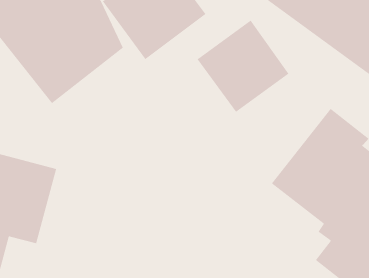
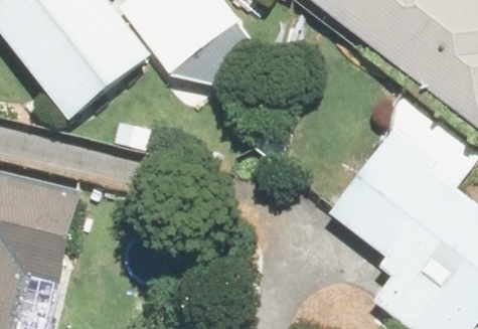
building: [197,20,290,113] -> none

